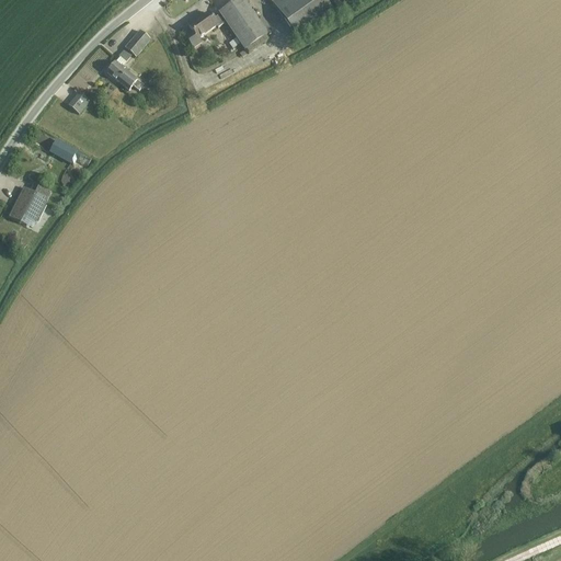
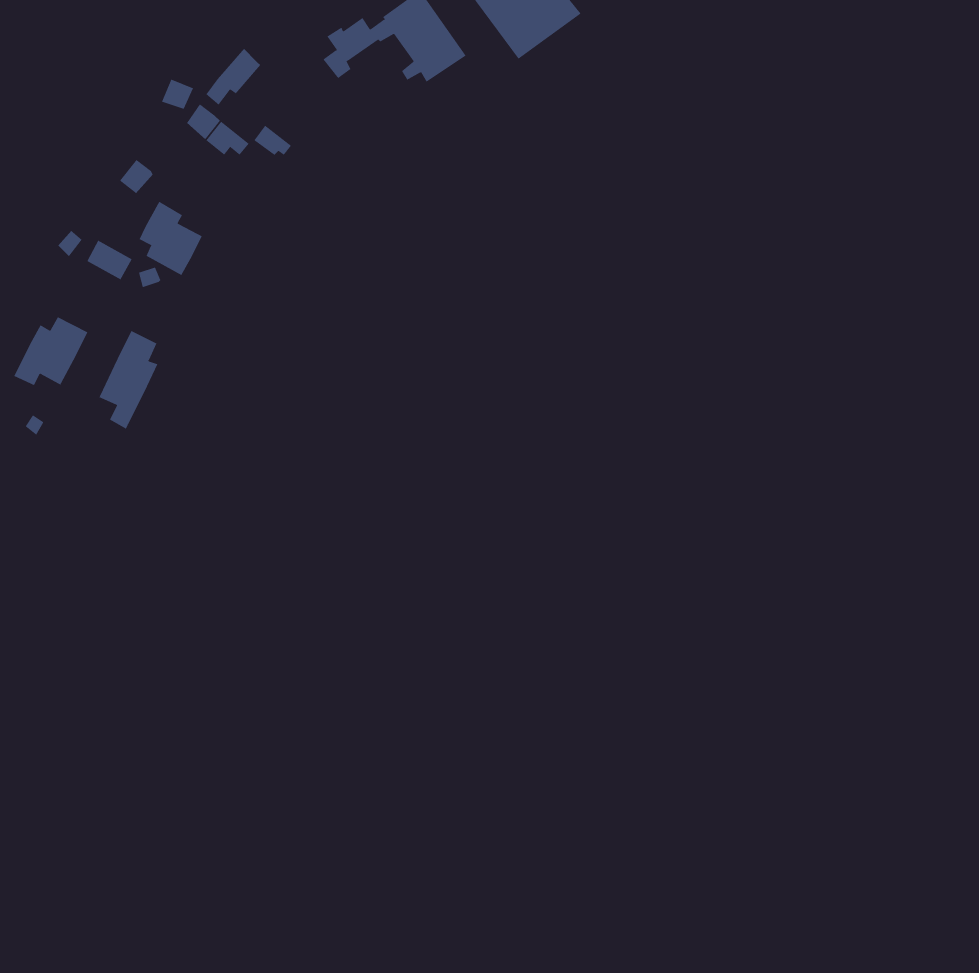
building: none -> [139,201,203,276]
building: none -> [98,330,158,429]

